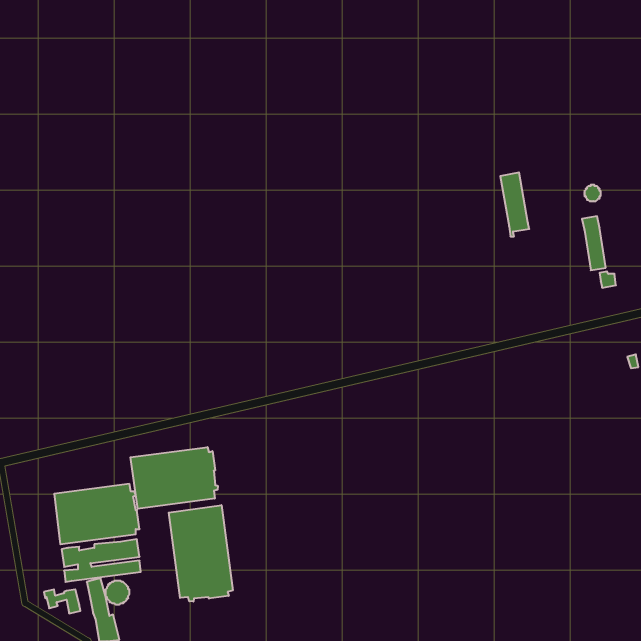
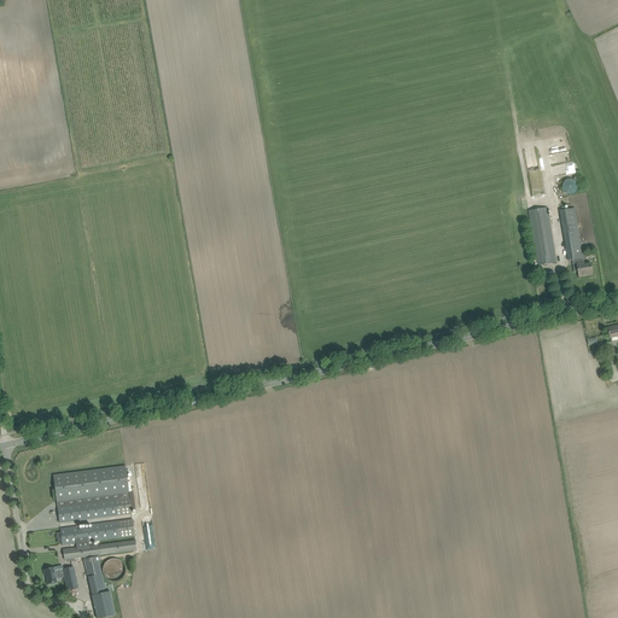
building: [500,172,529,236] -> [527,206,555,268]
building: [130,447,218,509] -> none
building: [169,505,233,602] -> none

